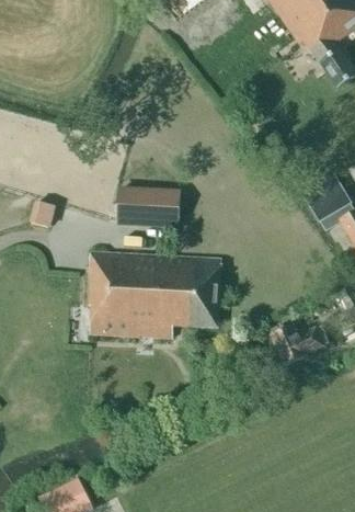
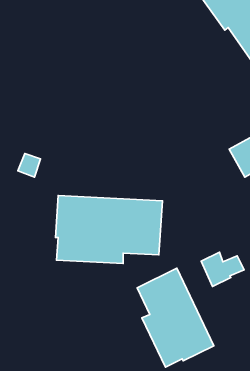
building: [114,189,176,226] -> none
building: none -> [137,268,214,367]

